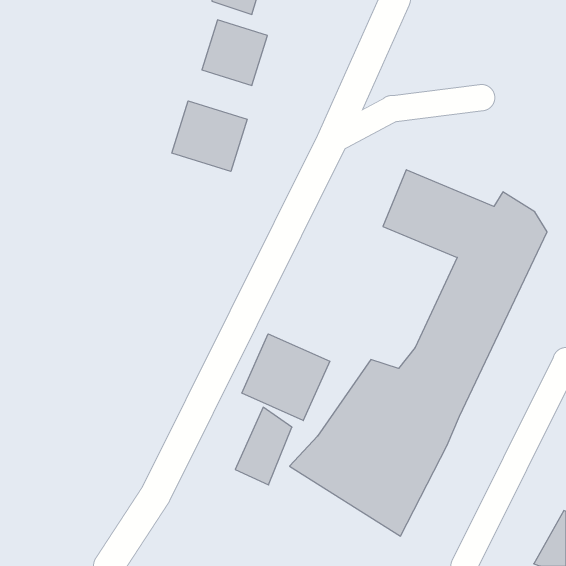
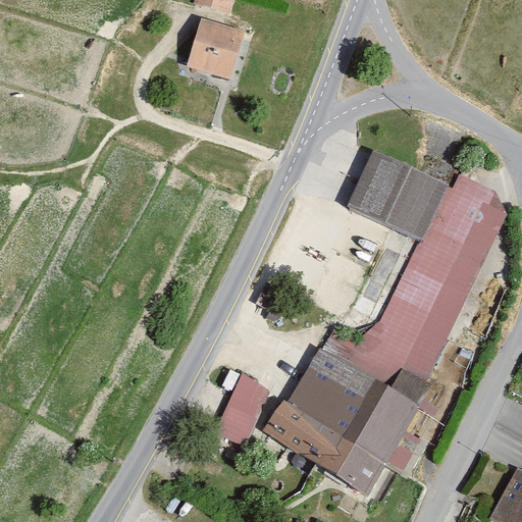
building: [172,101,247,171] -> none
building: [242,334,330,421] -> none

